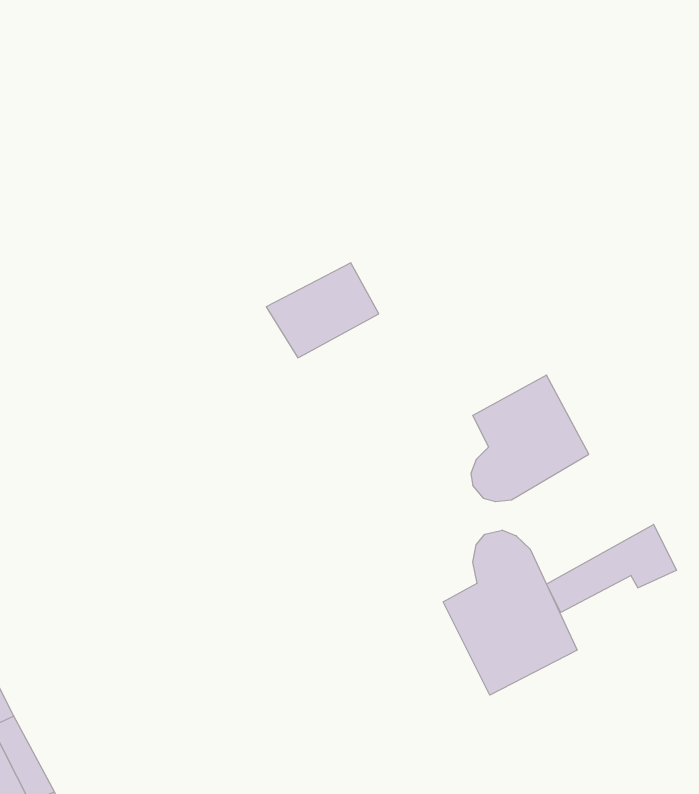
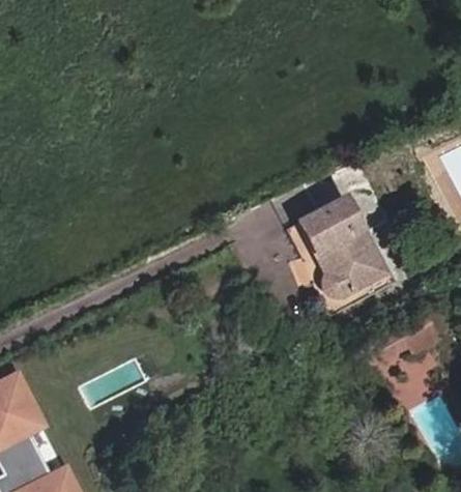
building: [266,263,379,358] -> [293,198,359,254]
building: [443,530,577,695] -> none

